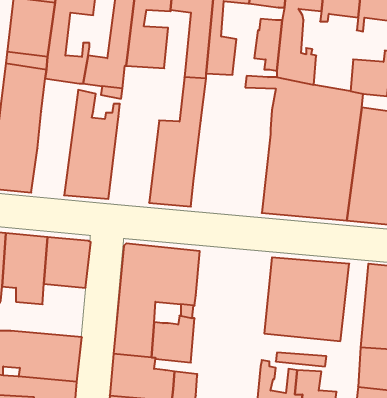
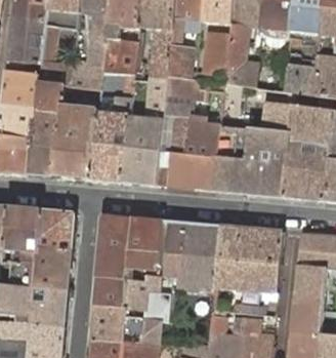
building: none -> [156,77,220,190]
building: none -> [27,81,66,175]
building: none -> [89,94,132,182]
building: none -> [165,221,221,289]
building: none -> [10,247,71,290]

